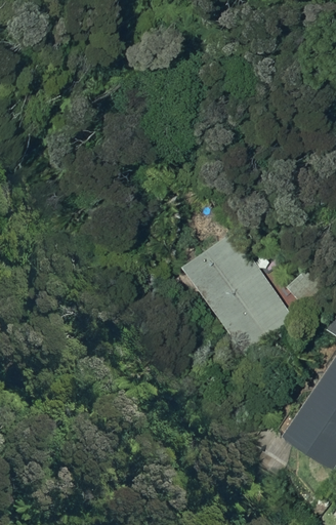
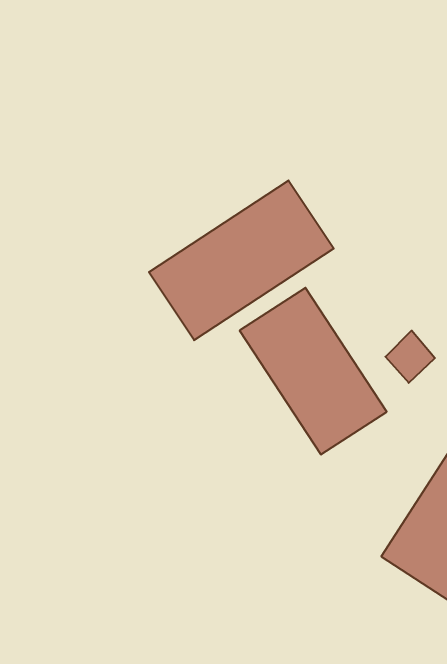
building: none -> [149,180,334,340]

